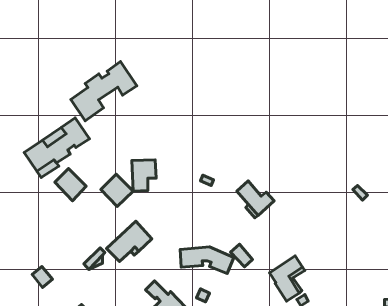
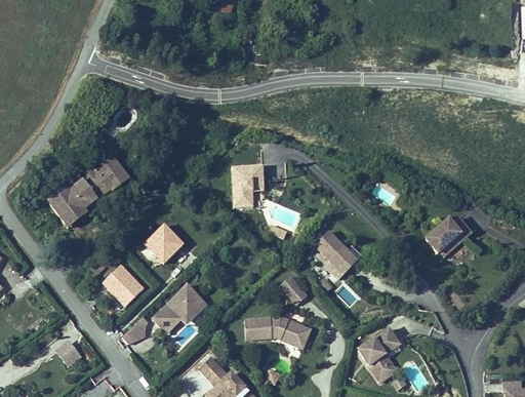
building: [71,61,137,121] -> none
building: [132,160,156,191] -> [232,165,262,205]
building: [55,168,86,201] -> [104,265,144,306]
building: none -> [425,216,463,253]
building: [231,244,252,267] -> [279,276,307,305]

